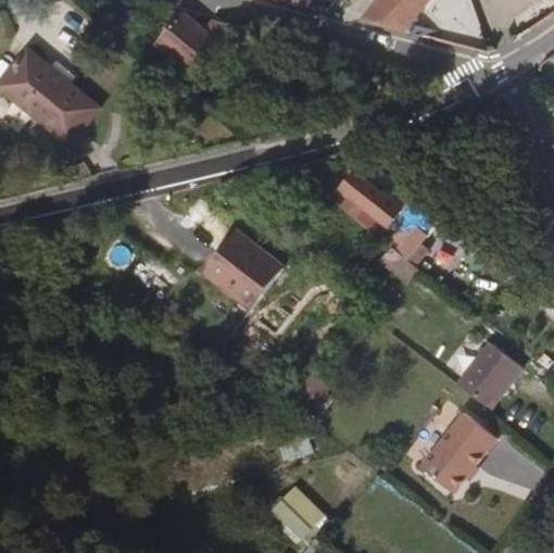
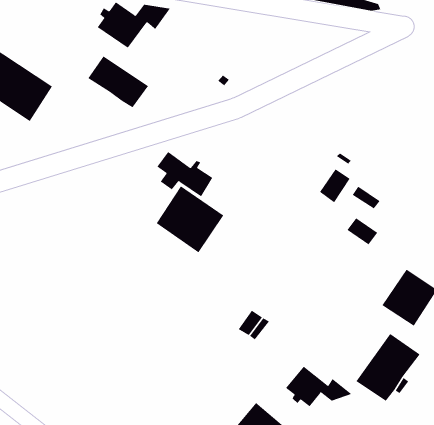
building: none -> [87,55,149,108]
building: [336,172,399,227] -> [157,151,213,197]
building: none -> [285,366,353,407]

